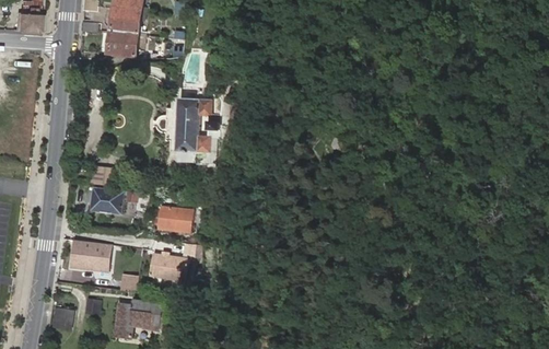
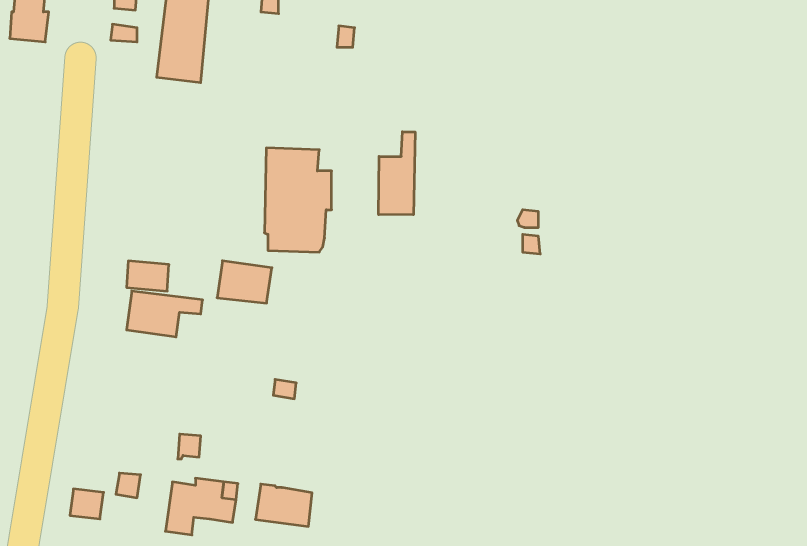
building: none -> [379,132,415,215]
building: [156,206,190,232] -> [217,261,272,303]
building: [69,241,110,271] -> none
building: [148,253,183,279] -> [255,484,312,526]

